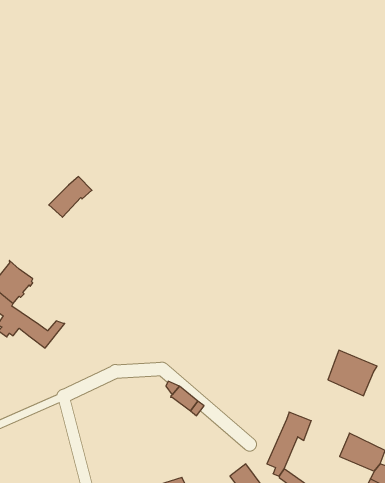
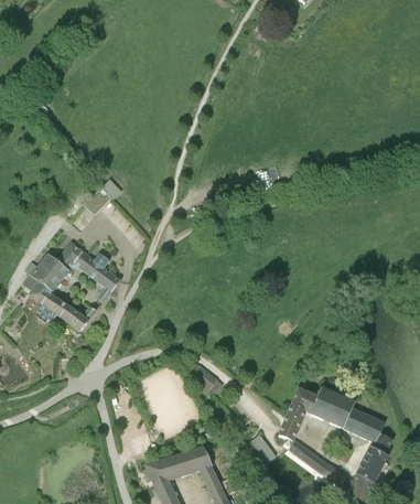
building: none -> [56,242,120,304]
building: [328,350,377,396] -> [311,387,355,428]

